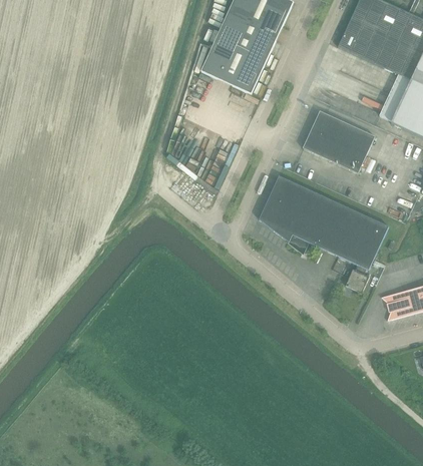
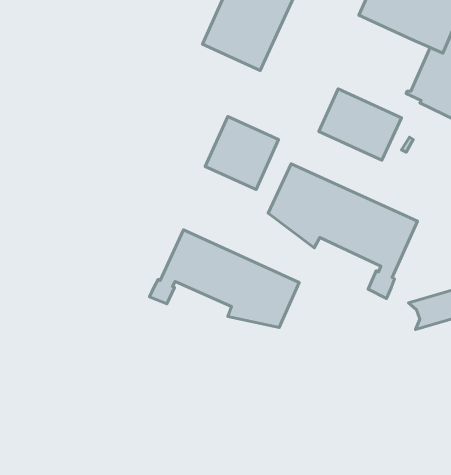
building: none -> [205,116,279,190]
building: none -> [149,230,299,328]

